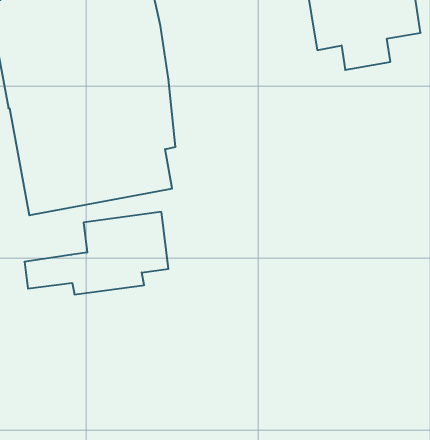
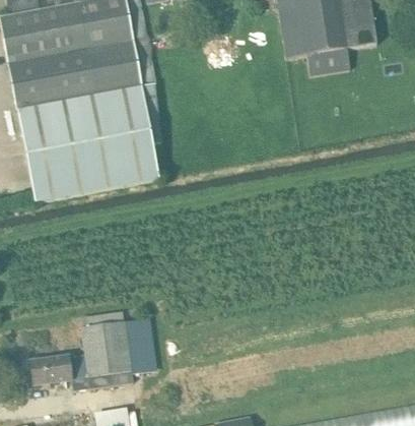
building: [24,212,168,294] -> [29,318,155,390]

